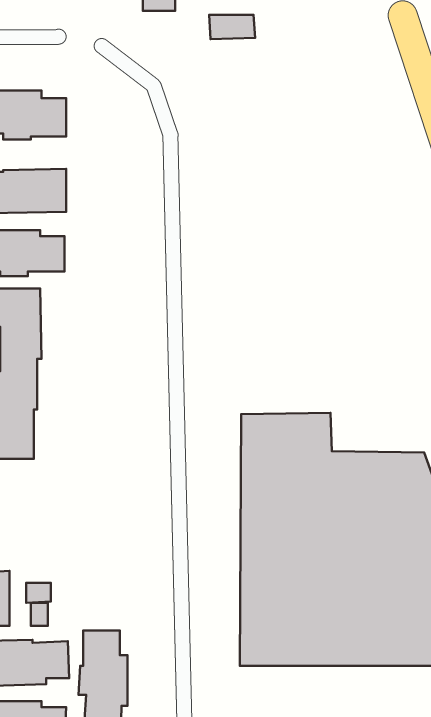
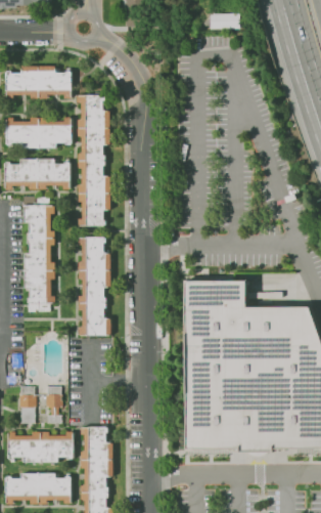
building: [209,15,255,39] -> [209,12,239,29]
building: none -> [78,94,110,226]
building: none -> [79,238,111,335]

